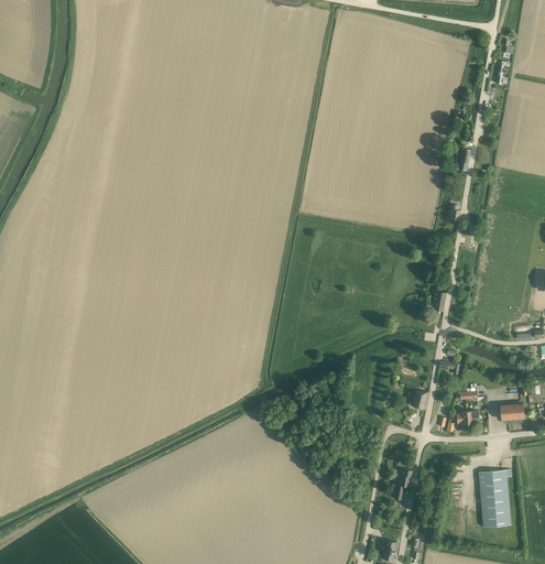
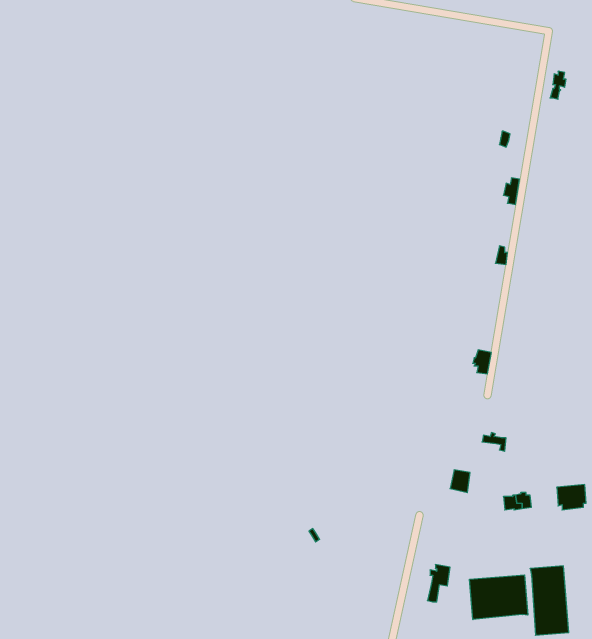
building: none -> [470,575,528,620]

